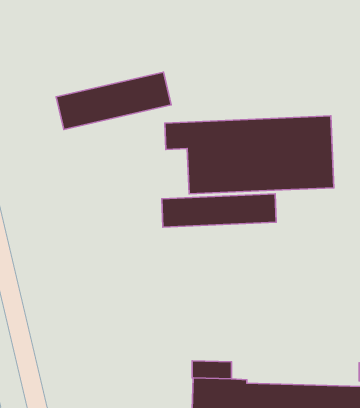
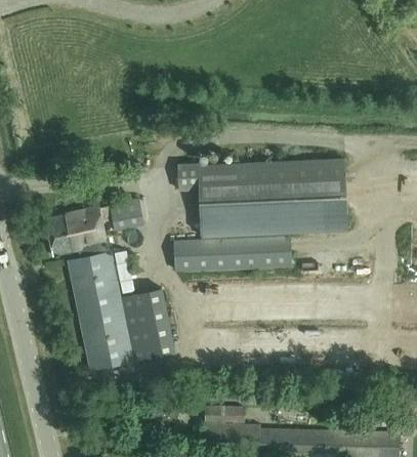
building: [56,72,171,129] -> none
building: none -> [44,197,173,370]

